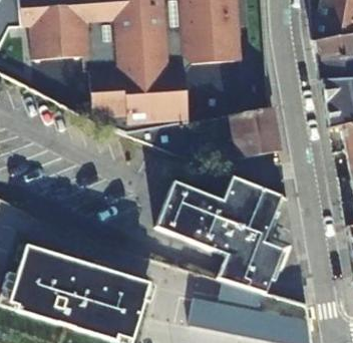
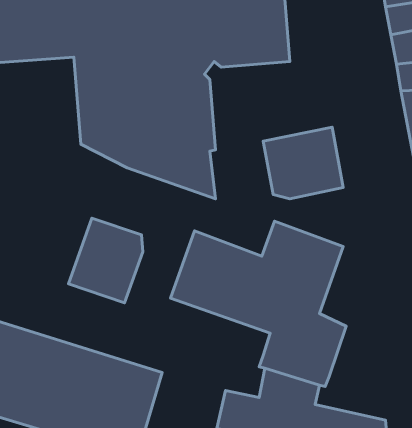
building: none -> [68,218,143,303]

